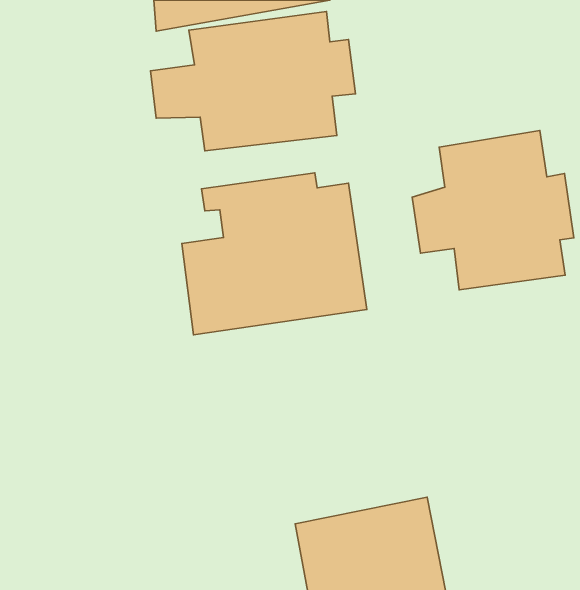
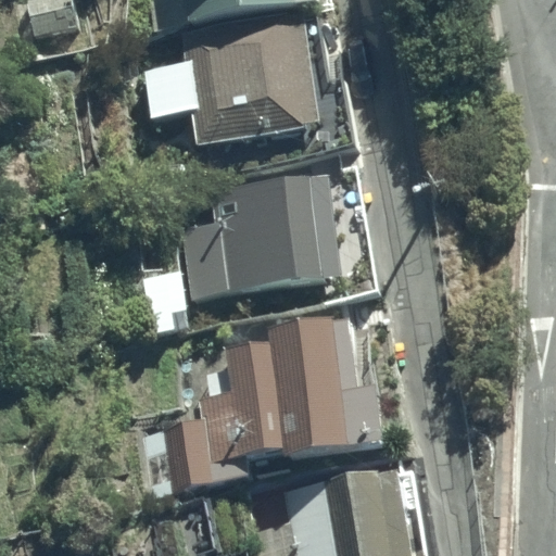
building: [412,130,574,290] -> none
building: none -> [157,317,389,488]

